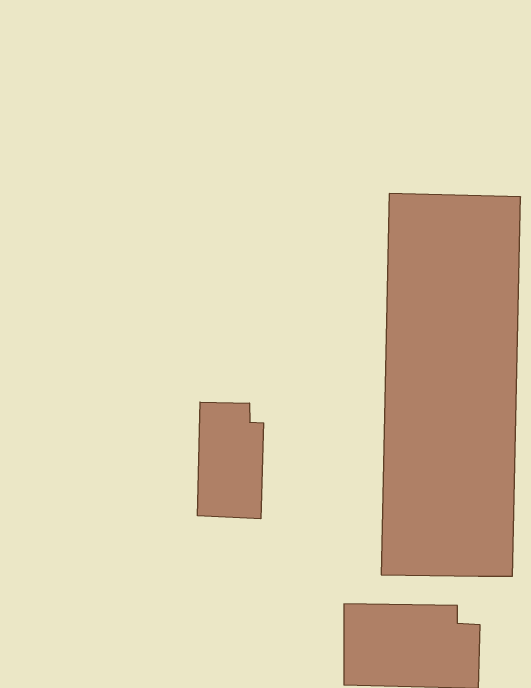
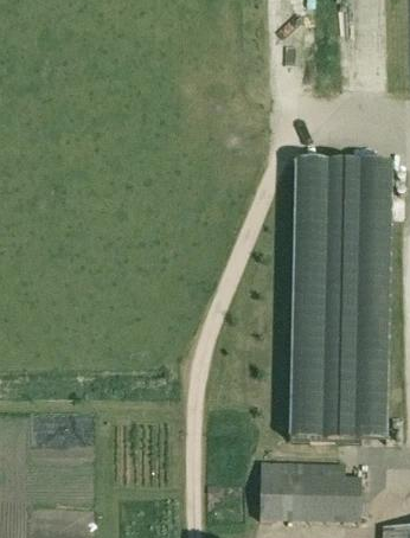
building: [198,402,264,519] -> none

